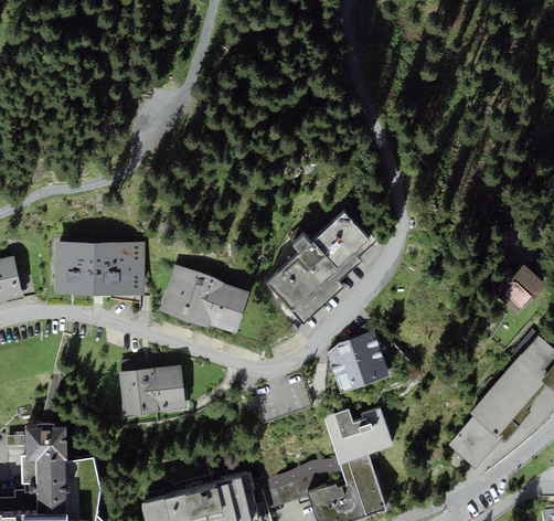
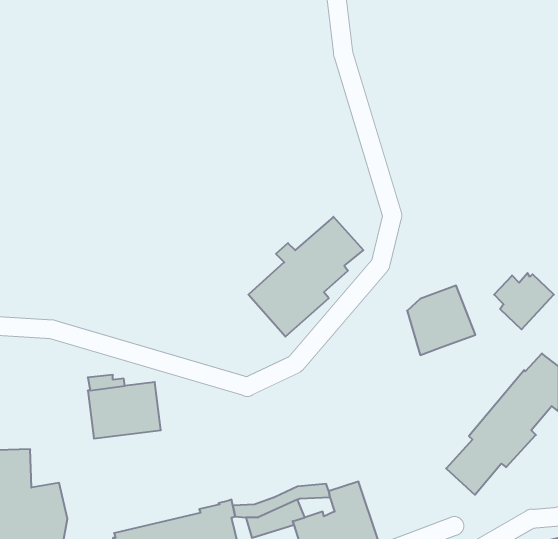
building: [54,241,145,295] -> none
building: [159,264,249,334] -> none
building: [327,330,390,394] -> [407,286,475,355]
building: [322,407,392,465] -> none

